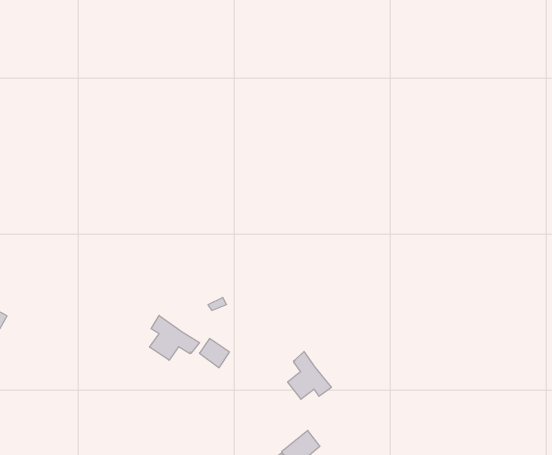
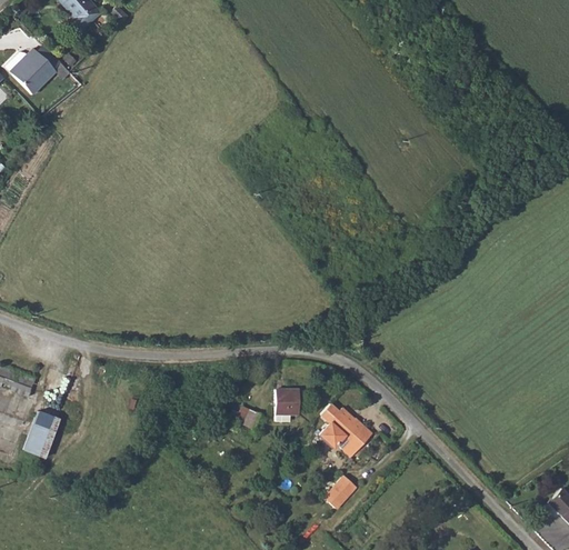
building: [150,315,200,360] -> none
building: none -> [277,391,301,422]

